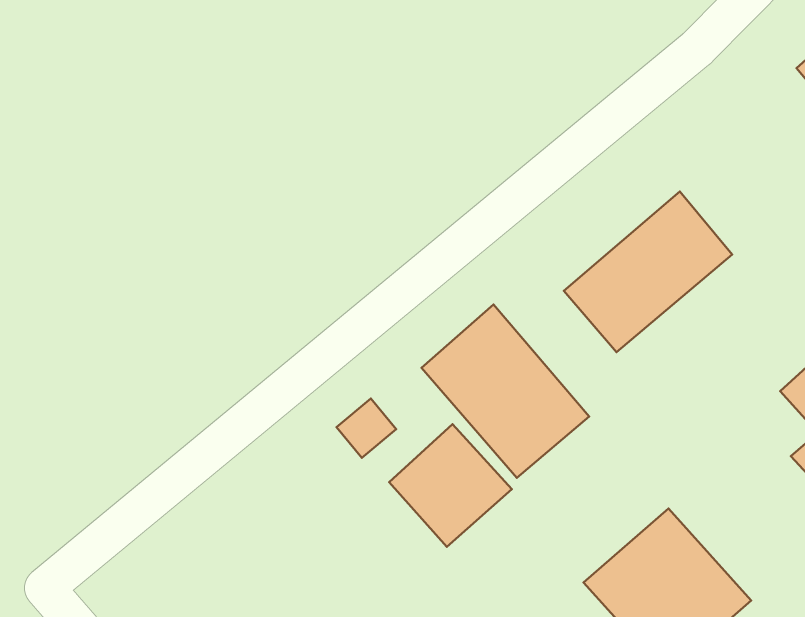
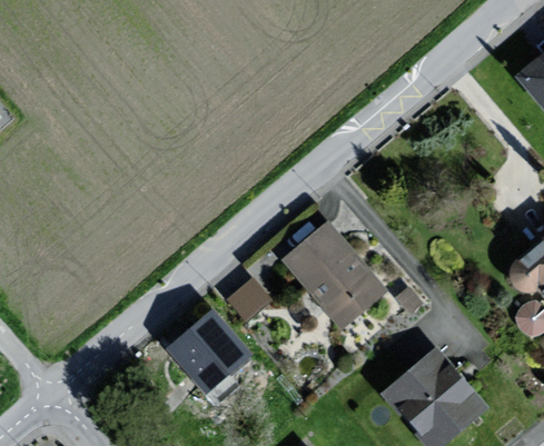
building: [564,191,732,352] -> none
building: [389,424,512,547] -> [174,311,249,387]

